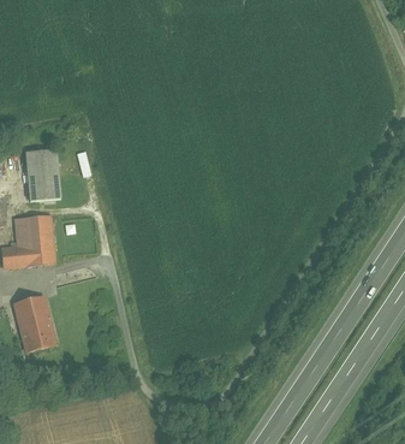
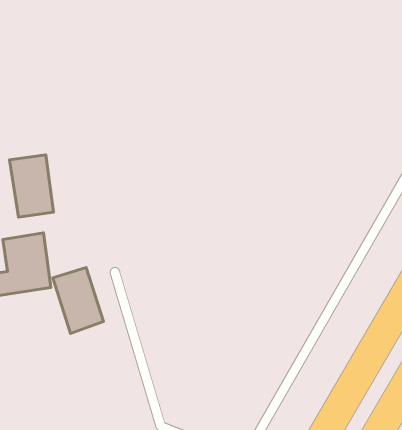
building: [14,296,55,351] -> [53,267,104,333]

